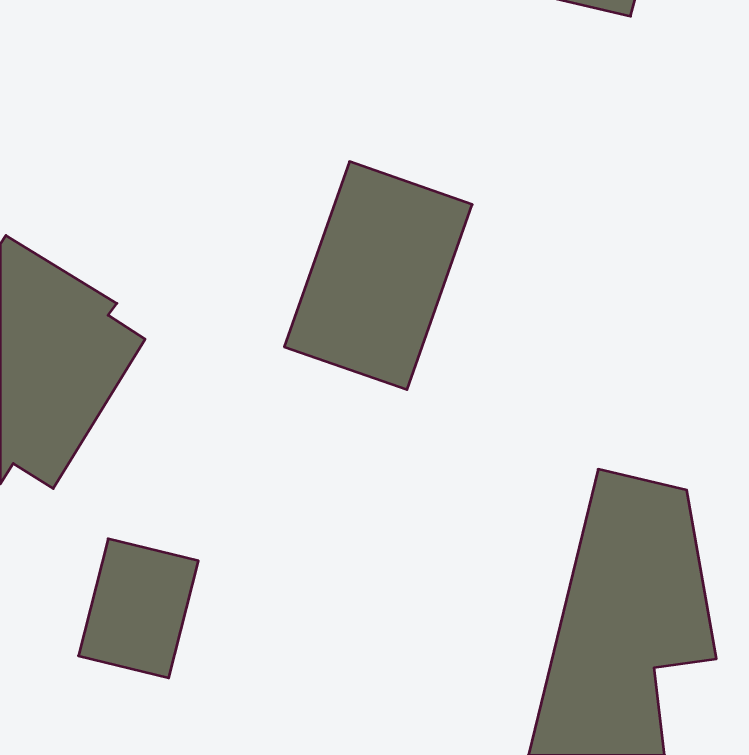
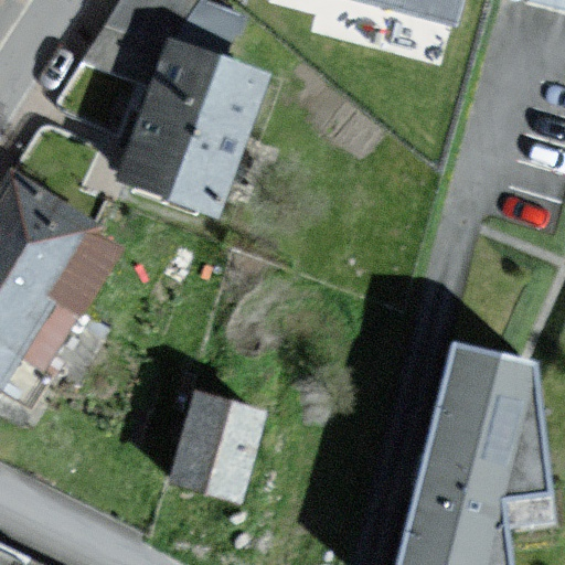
building: [284,162,472,390] -> [121,41,262,211]
building: [78,539,198,678] -> [173,394,263,498]

